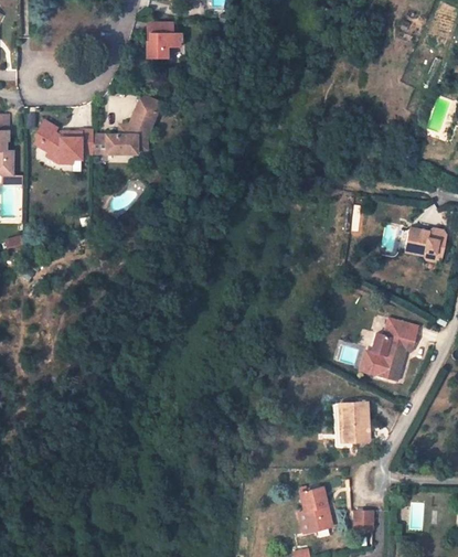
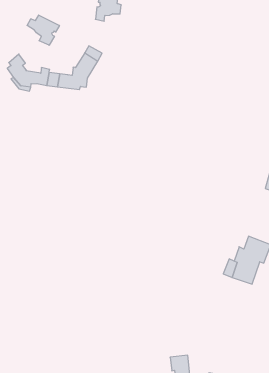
building: none -> [27,15,59,45]
building: [341,403,369,441] -> none

